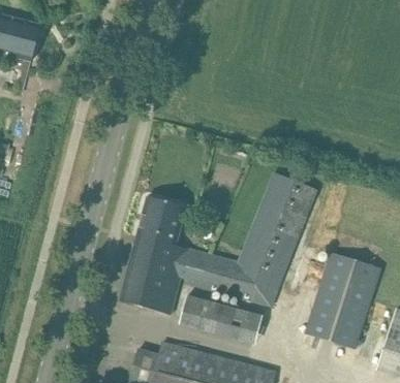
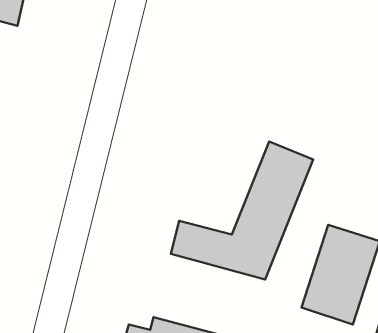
building: [121,196,188,313] -> none
building: [176,292,260,343] -> none

